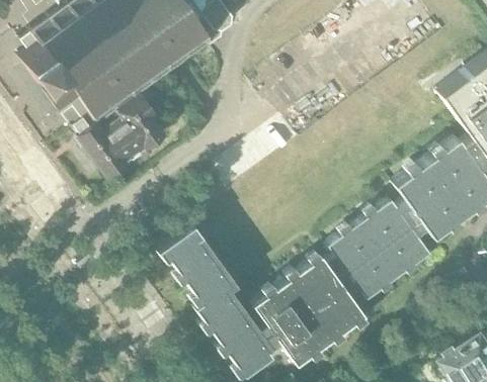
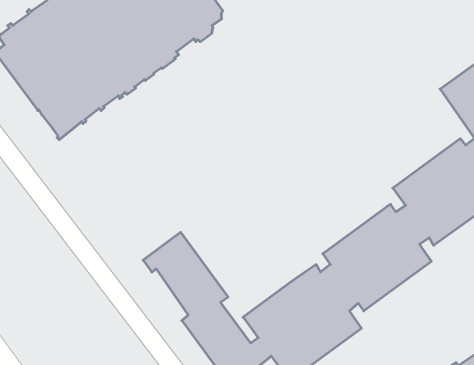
building: [79,94,165,178] -> none

